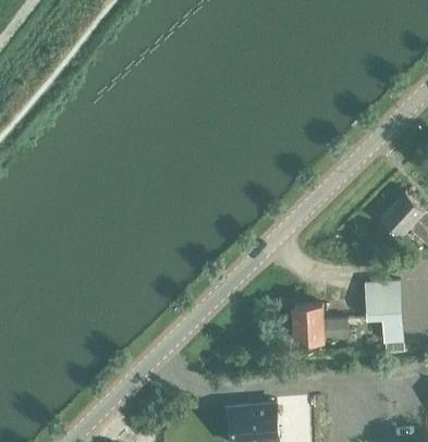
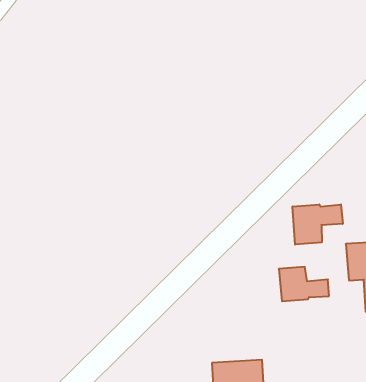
building: none -> [293,204,343,245]

